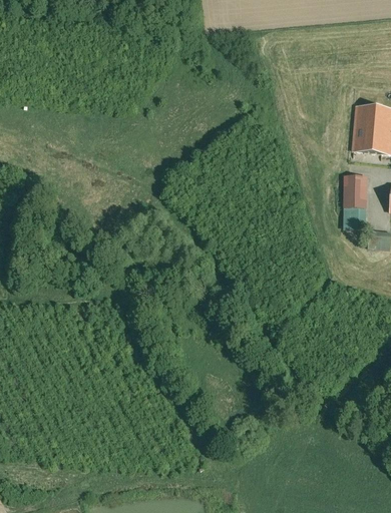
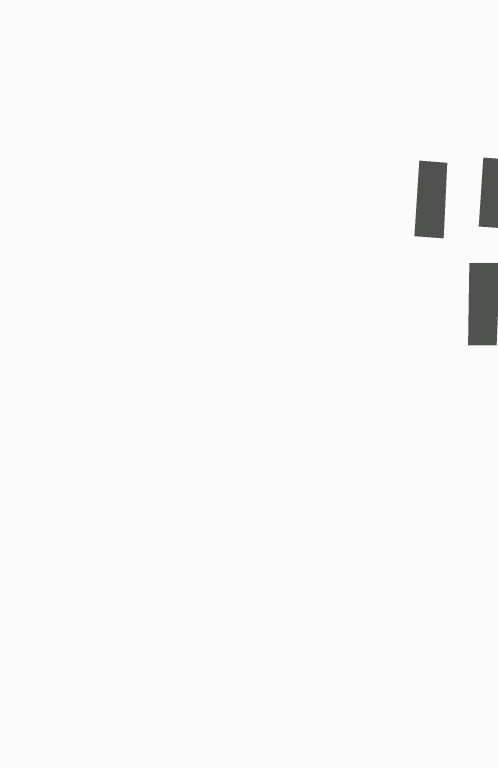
building: none -> [413,160,448,239]

